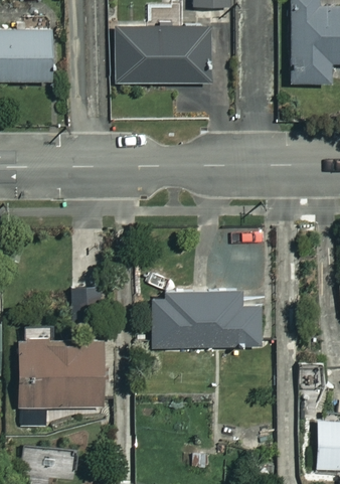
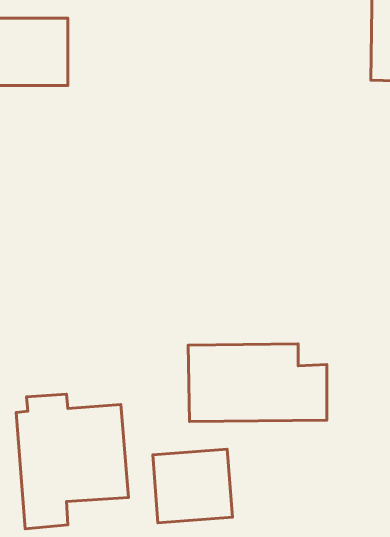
building: [118,27,210,85] -> none
building: none -> [153,449,232,523]

